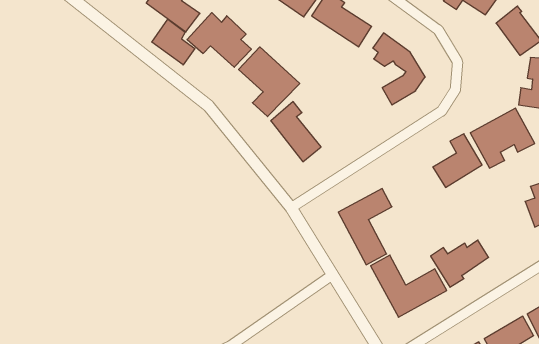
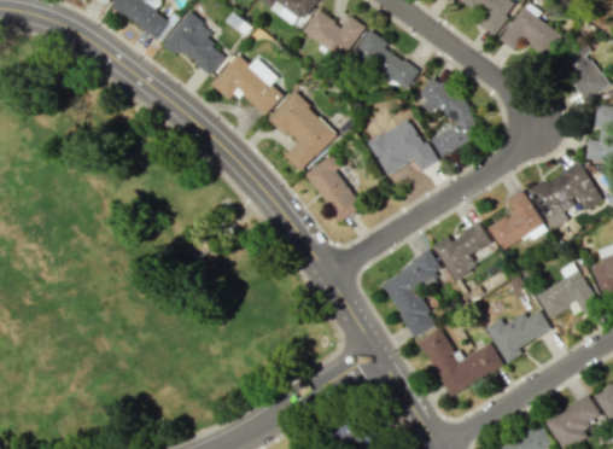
building: [152,19,195,65] -> none
building: none -> [368,117,434,174]
building: none -> [434,223,491,280]
building: none -> [536,261,597,319]

